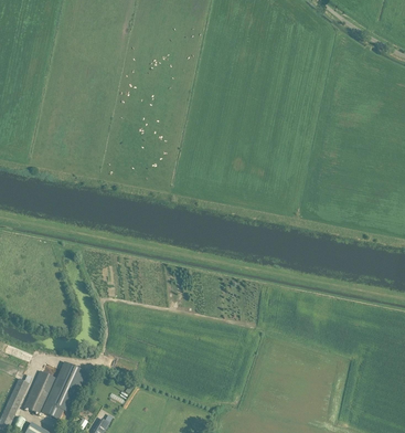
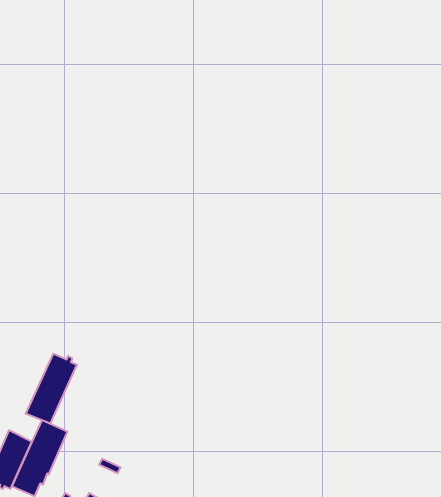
building: none -> [26,354,77,424]

